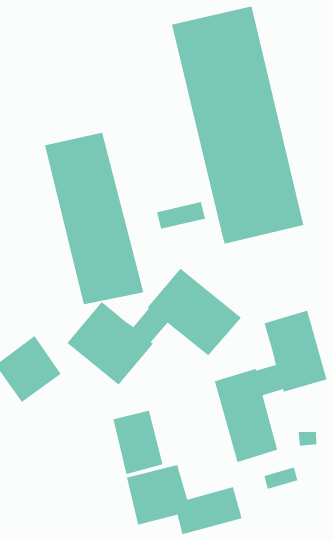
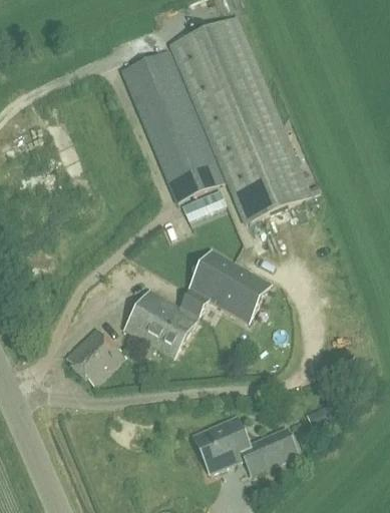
building: [44,132,144,305] -> [120,49,226,198]
building: [214,310,327,463] -> none
building: [113,410,163,475] -> none

